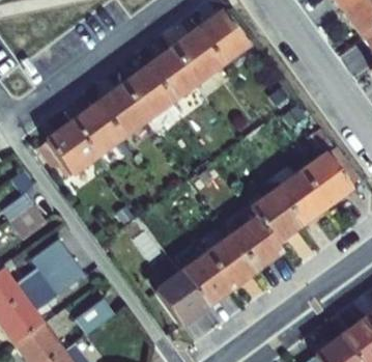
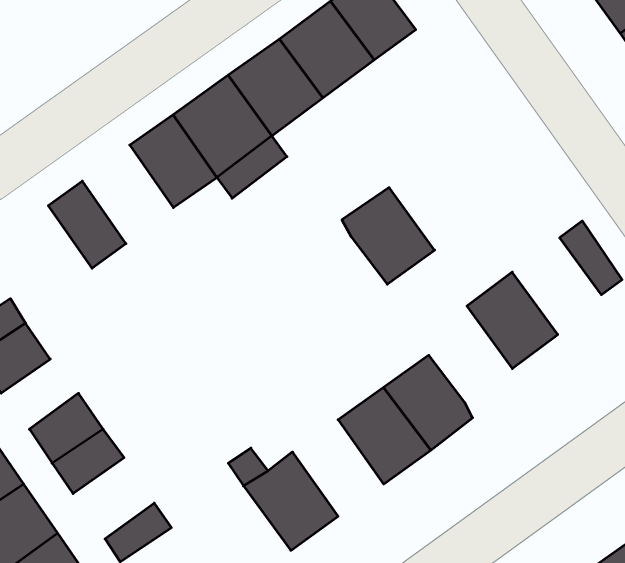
building: [64,105,114,159] -> none
building: [299,156,350,208] -> none
building: [249,193,299,246] -> [342,188,435,284]
building: [179,255,229,308] -> none

